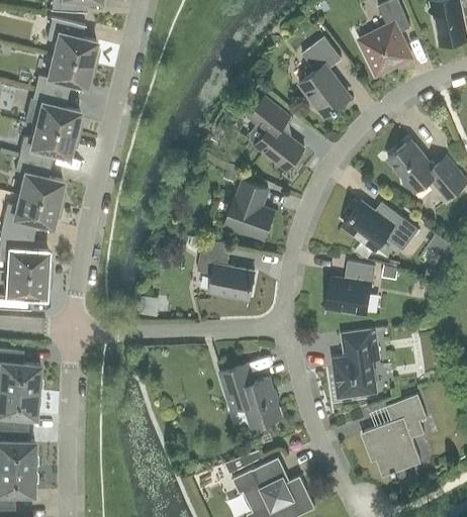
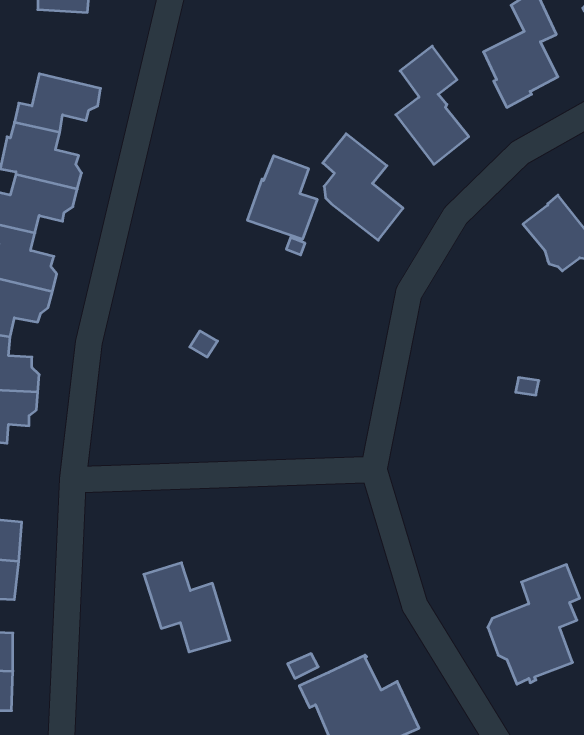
building: [46,18,98,66] -> none
building: [225,181,274,238] -> [247,156,317,239]
building: [344,203,418,250] -> none
building: [197,239,255,300] -> none
building: [325,262,375,314] -> none
building: [333,330,379,400] -> none
building: [220,365,280,426] -> [144,563,230,652]

